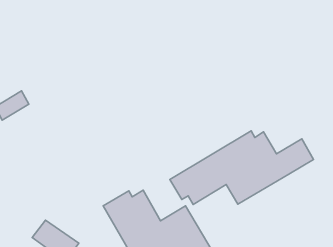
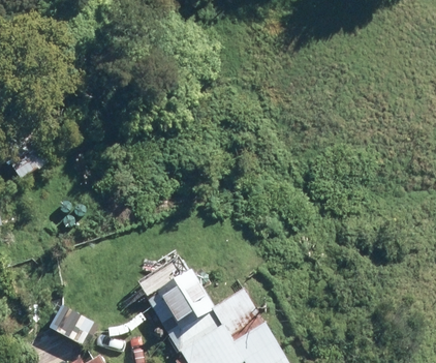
building: [170,131,313,205] -> none

